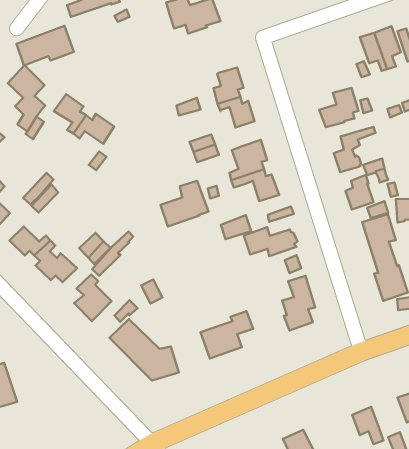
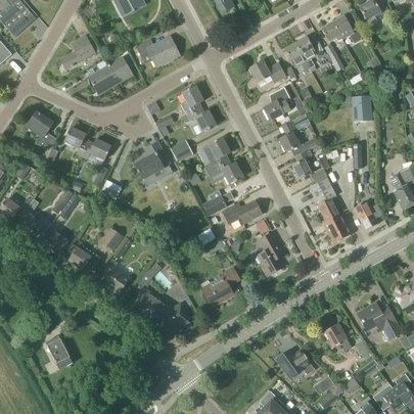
building: [16,26,74,66] -> [88,57,132,92]
building: none -> [249,60,286,83]
building: [160,181,208,227] -> [134,141,171,179]

